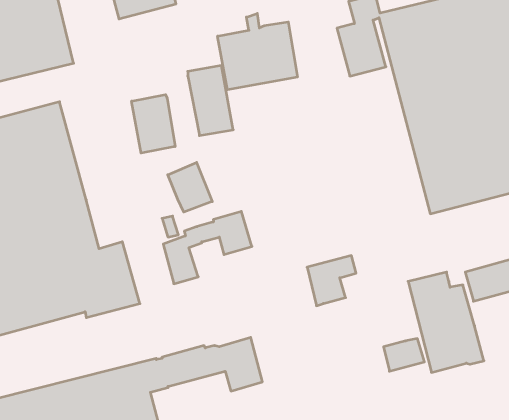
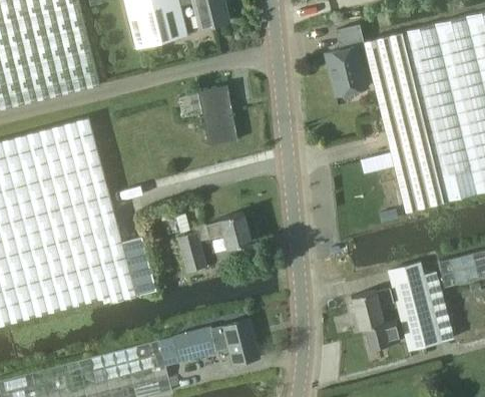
building: [218,13,297,90] -> none
building: [132,95,175,153] -> none
building: [168,162,212,212] -> none
building: [307,256,356,306] -> [353,287,395,330]

